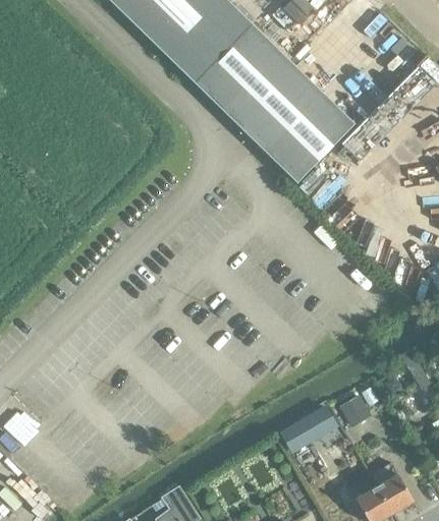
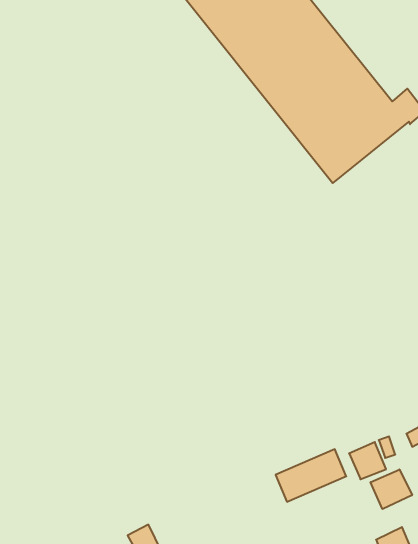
building: none -> [371,469,412,509]

